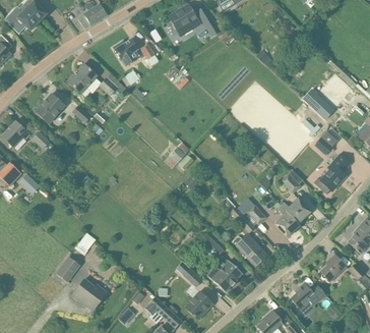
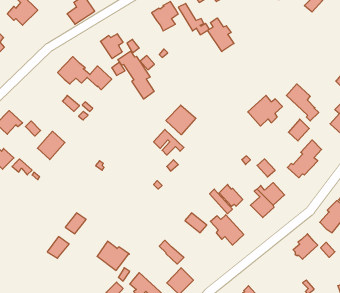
building: none -> [208,18,234,52]
building: none -> [118,51,154,99]
building: [35,93,64,123] -> [37,131,65,160]
building: none -> [248,95,282,126]
building: none -> [166,105,196,135]
building: [206,260,242,291] -> none
building: [72,278,107,310] -> [97,241,129,270]
building: [290,282,325,307] -> none

